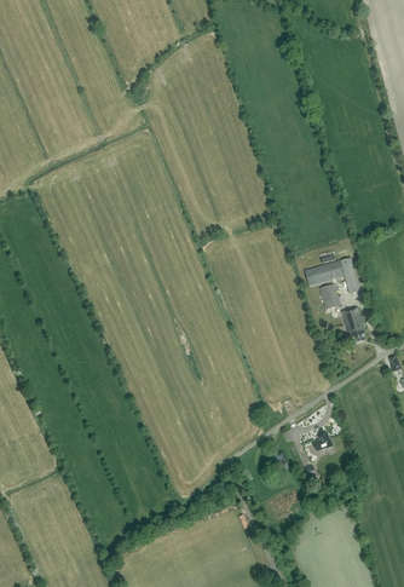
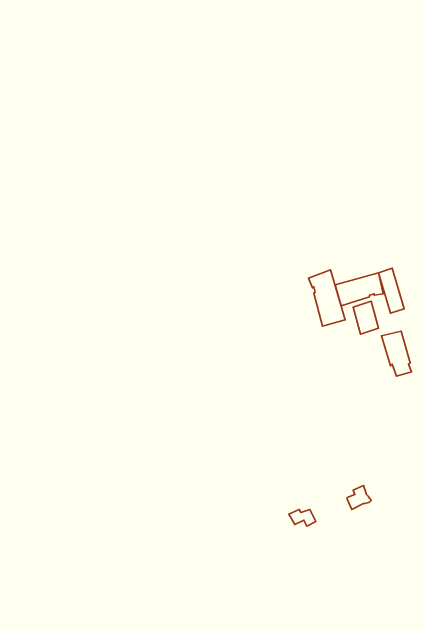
building: none -> [309,270,345,326]

